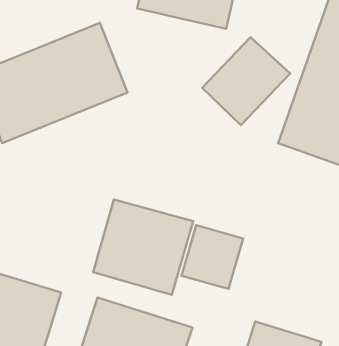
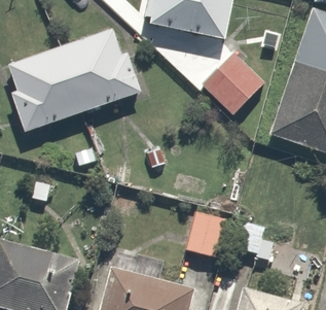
building: [93,199,193,295] -> none

